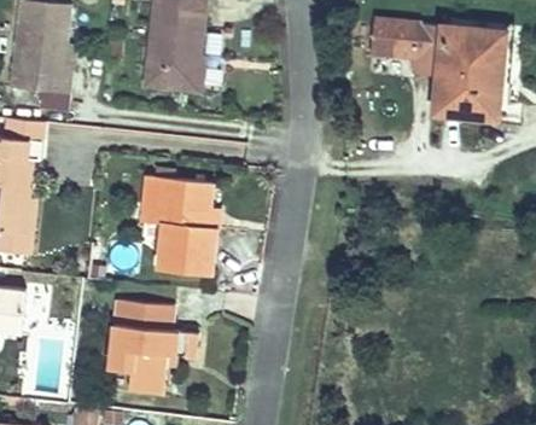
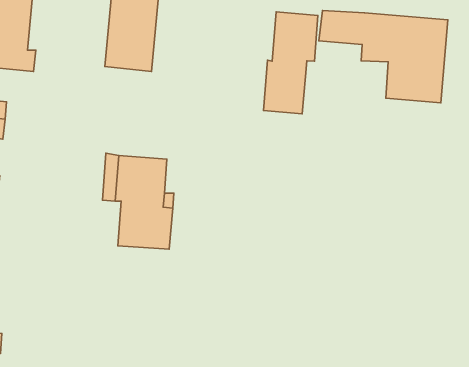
building: none -> [264,12,318,114]
building: [111,299,199,389] -> none

